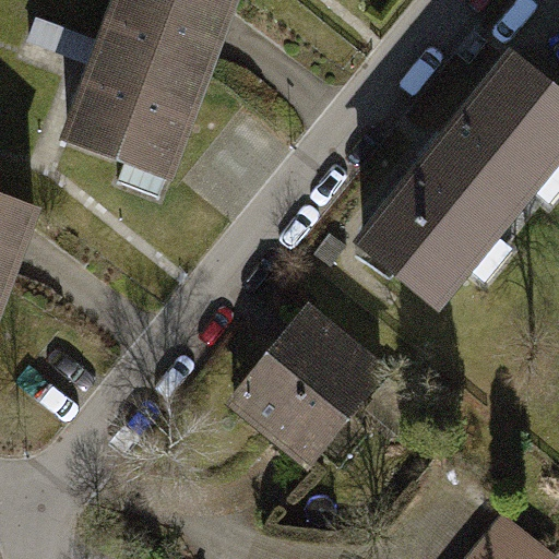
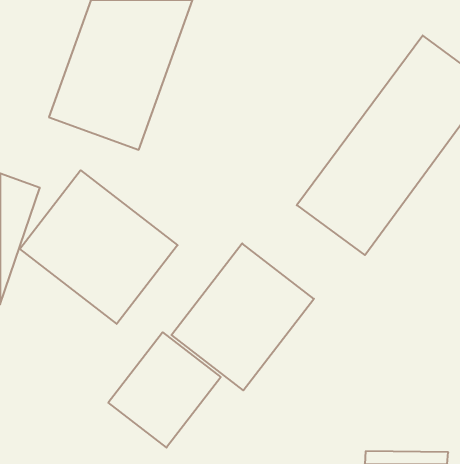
building: none -> [20,170,178,324]
building: none -> [108,332,221,448]

